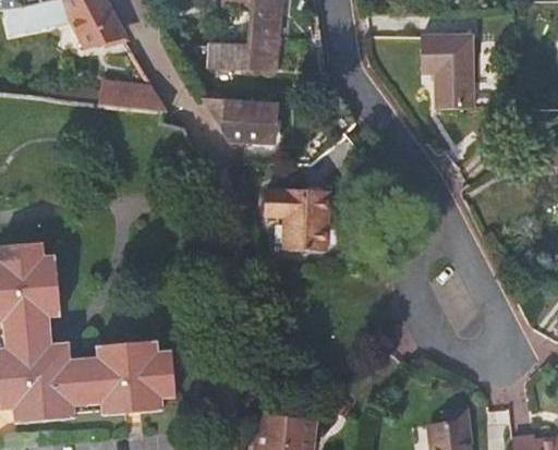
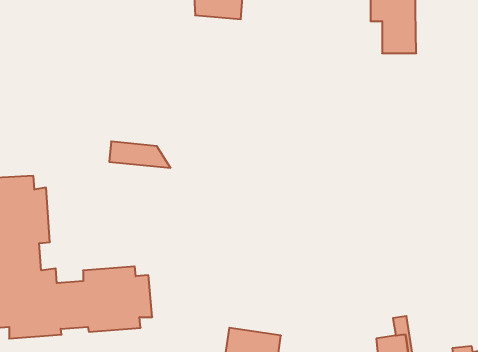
building: [99,81,168,110] -> [109,141,171,168]
building: [204,96,278,139] -> none
building: [262,134,354,250] -> none

